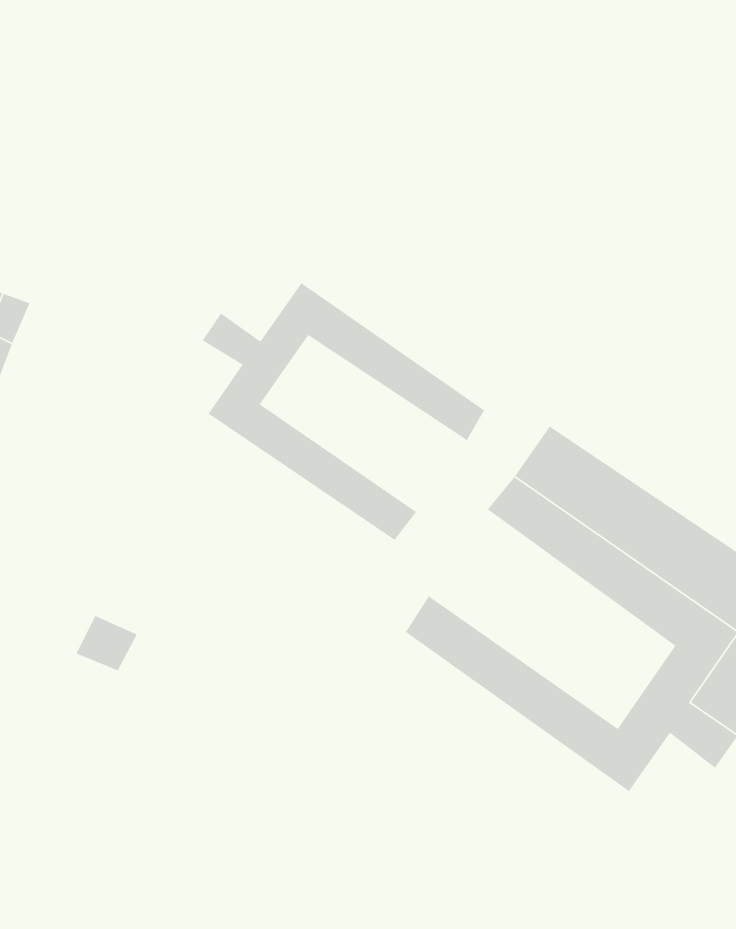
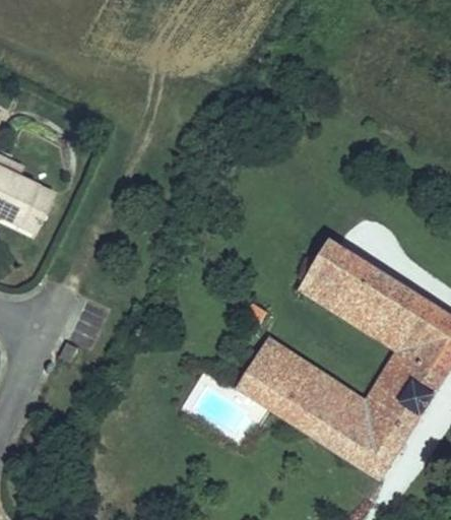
building: [202,282,485,541] -> none
building: none -> [221,344,403,474]

